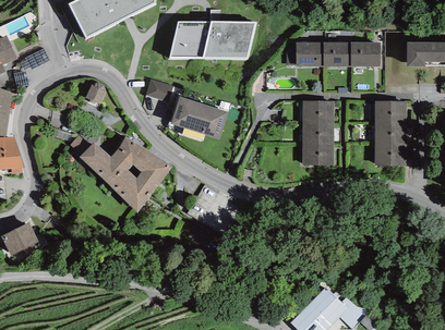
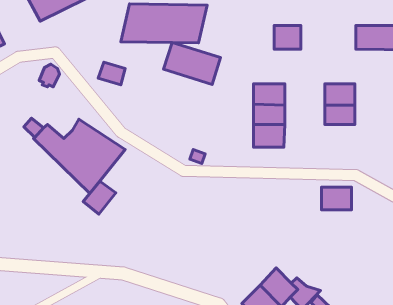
building: [296,41,323,65] -> none
building: [350,41,380,65] -> none
building: [170,96,228,138] -> [163,42,221,84]
building: [374,142,405,164] -> [321,187,352,210]
building: none -> [83,181,116,214]

